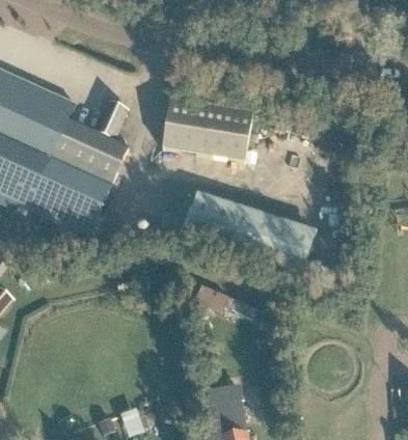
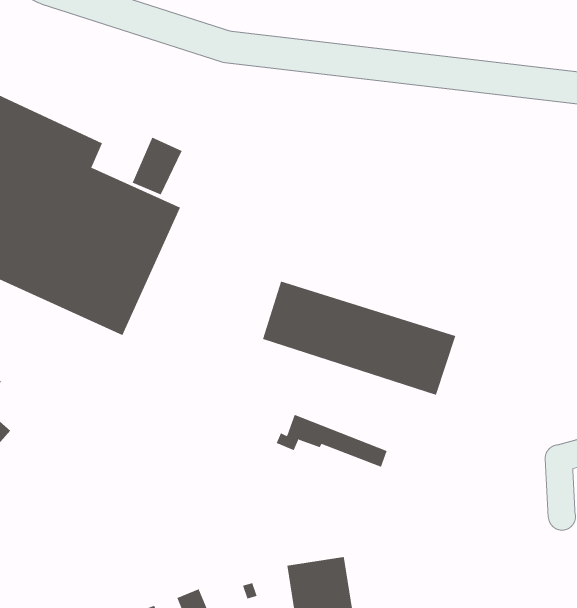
building: [163,98,253,160] -> none

